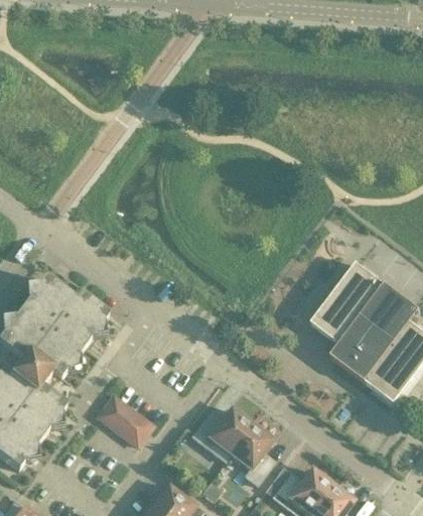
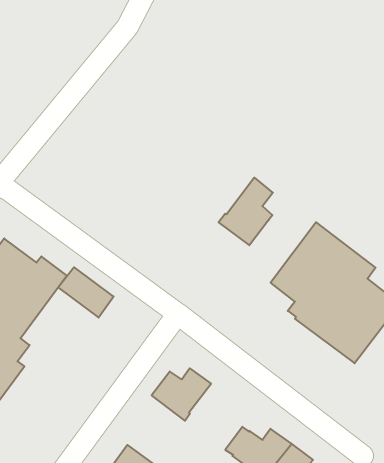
building: none -> [219,178,273,245]
building: [95,396,150,446] -> [58,267,114,318]
building: [227,424,272,485] -> none

